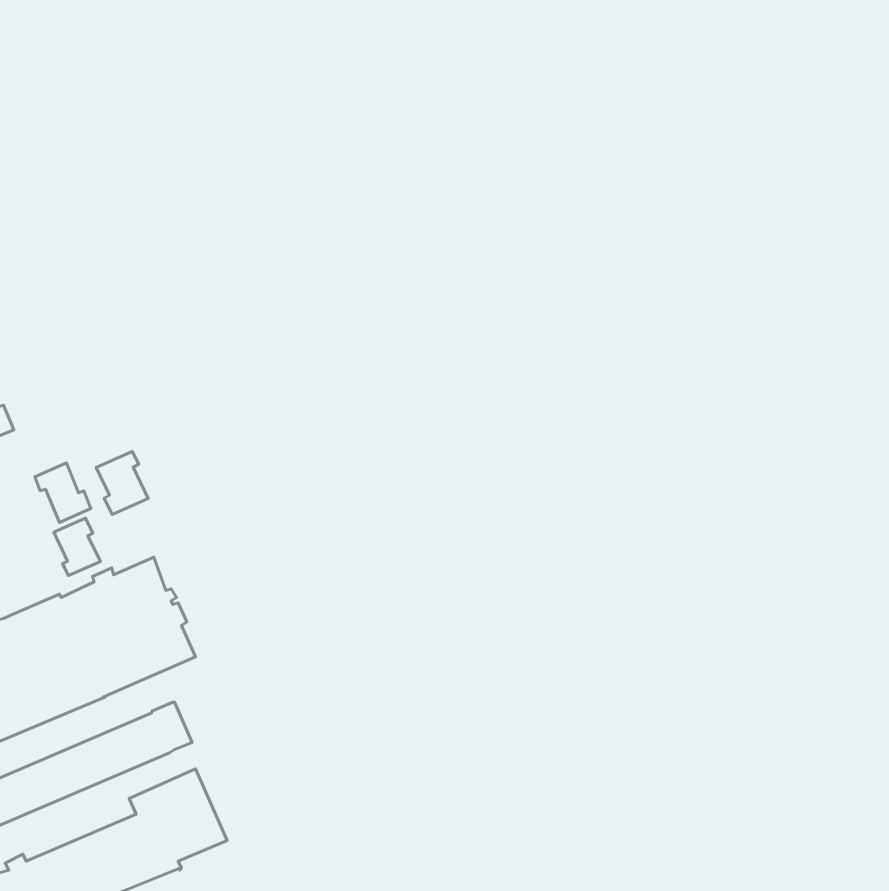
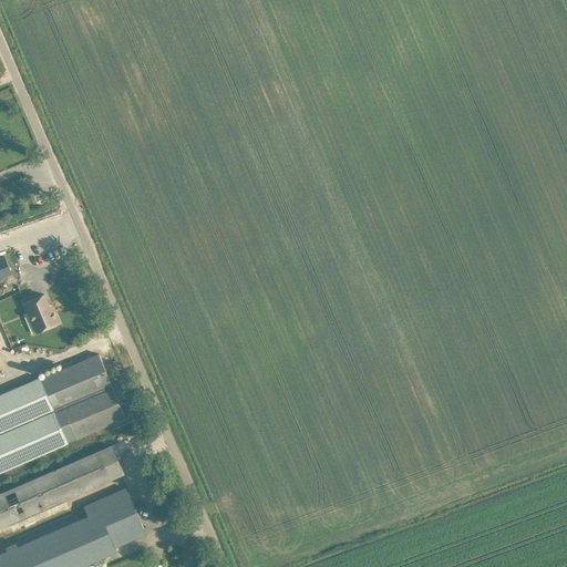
building: [96,452,148,514] -> none
building: [54,518,100,576] -> none

